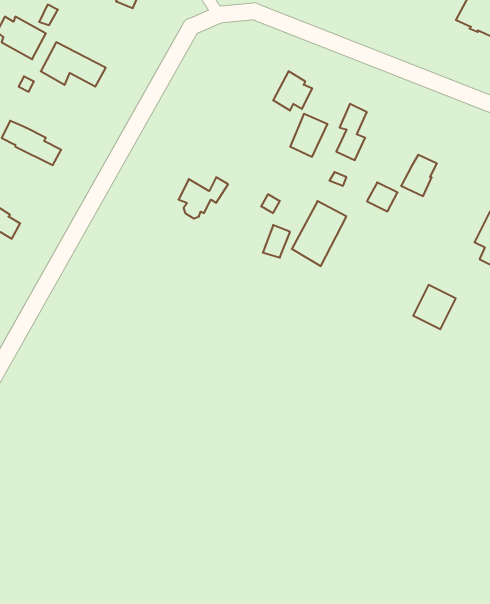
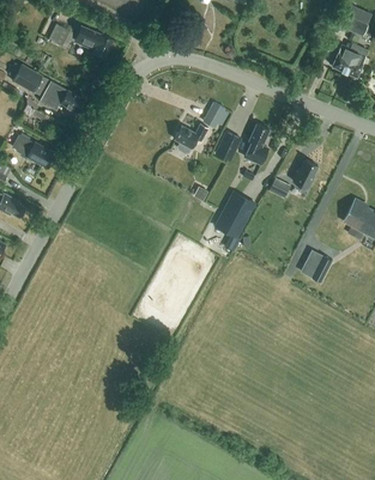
building: [178,177,228,218] -> [174,123,208,152]

